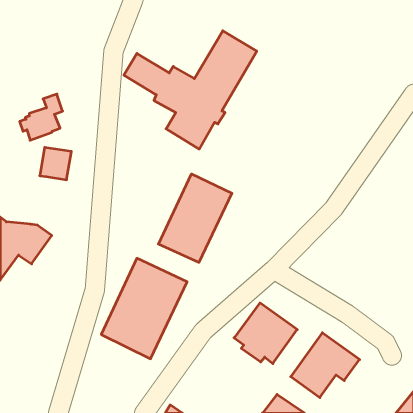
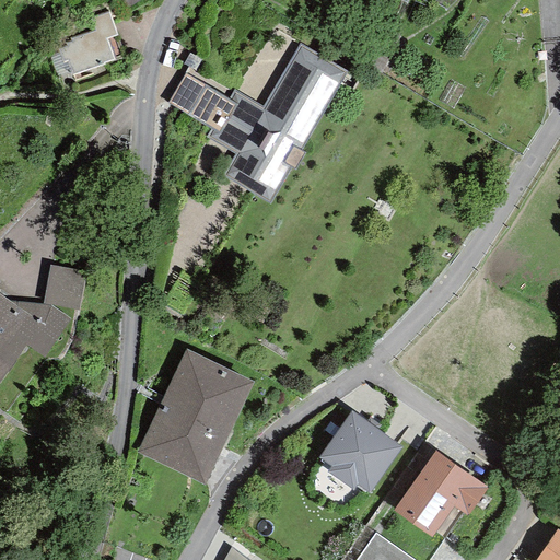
building: [20,94,63,140] -> [59,11,117,73]
building: [40,147,71,180] -> [43,265,85,308]
building: [158,174,232,262] -> none

